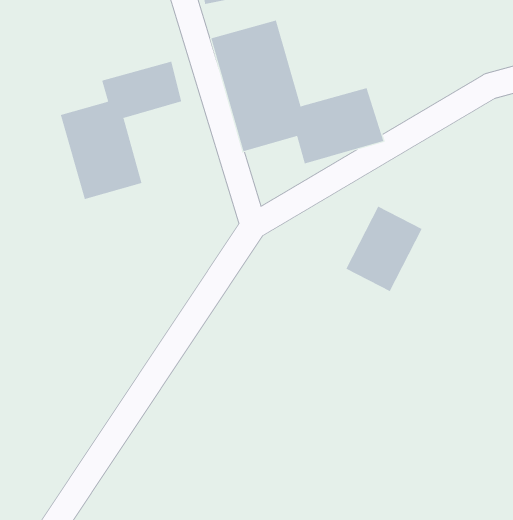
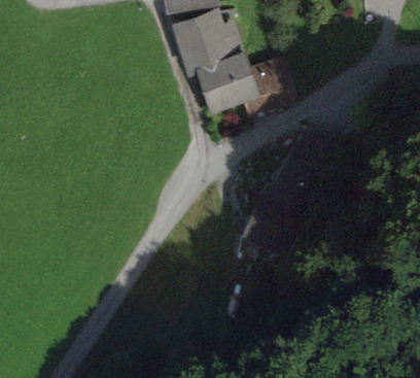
building: [60,61,182,200] -> none

